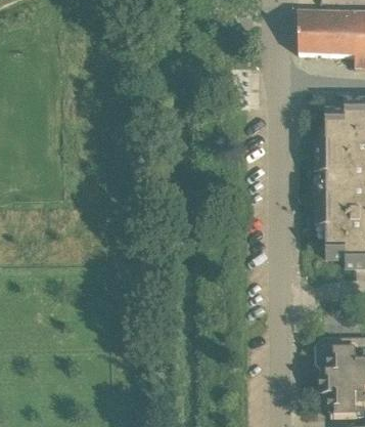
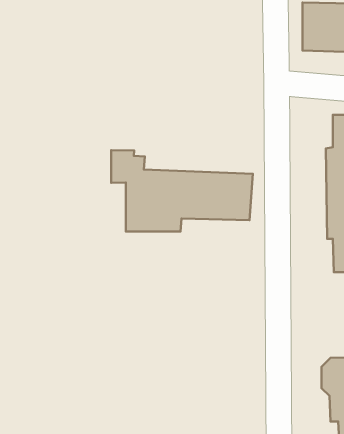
building: none -> [111,150,253,231]

